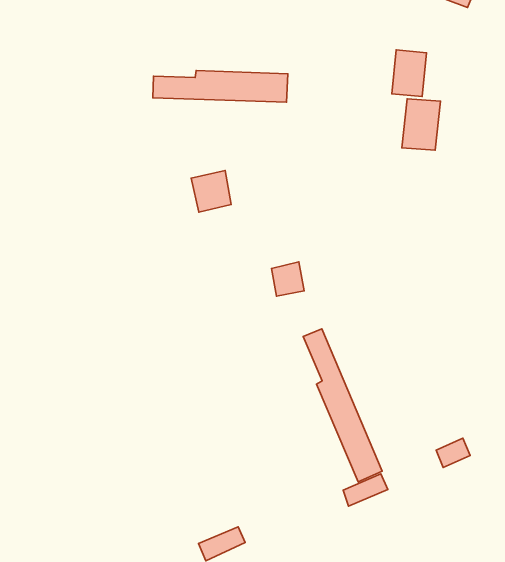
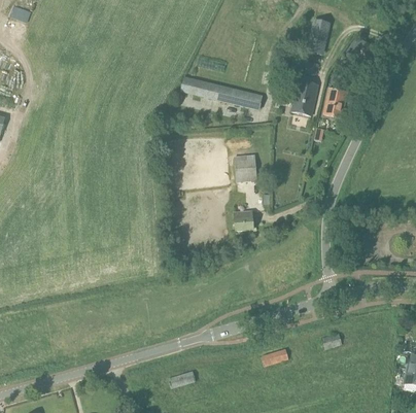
building: [402,99,441,150] -> [291,80,319,114]
building: [191,170,231,212] -> [235,158,257,181]
building: [303,329,382,482] -> none

